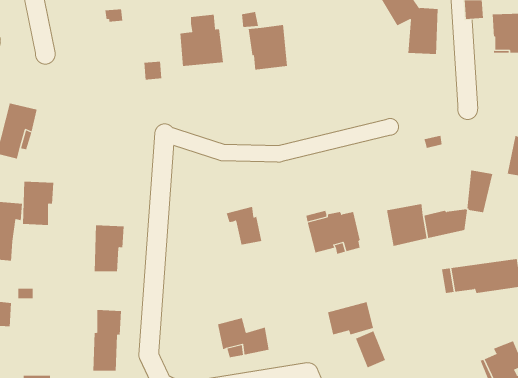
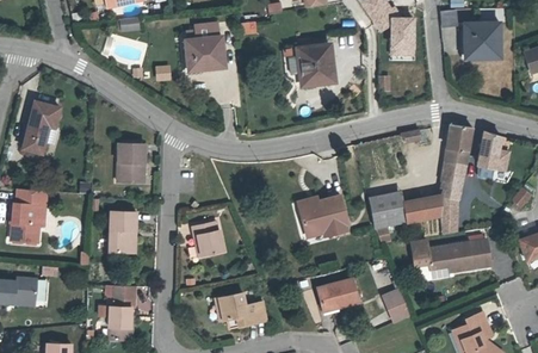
building: [248,25,288,70] -> [297,44,333,85]
building: none -> [445,124,472,165]
building: [22,181,54,226] -> [117,143,146,182]
building: [226,206,262,245] -> [192,221,224,255]
building: [355,330,386,368] -> [383,289,410,322]

